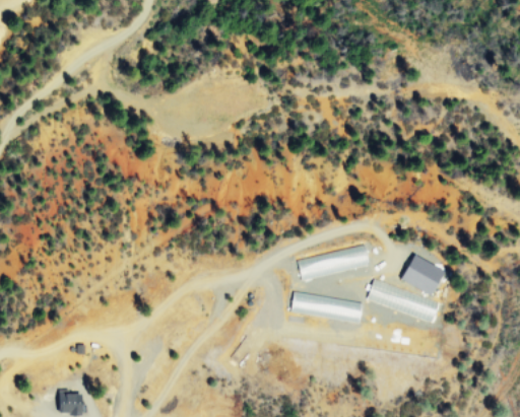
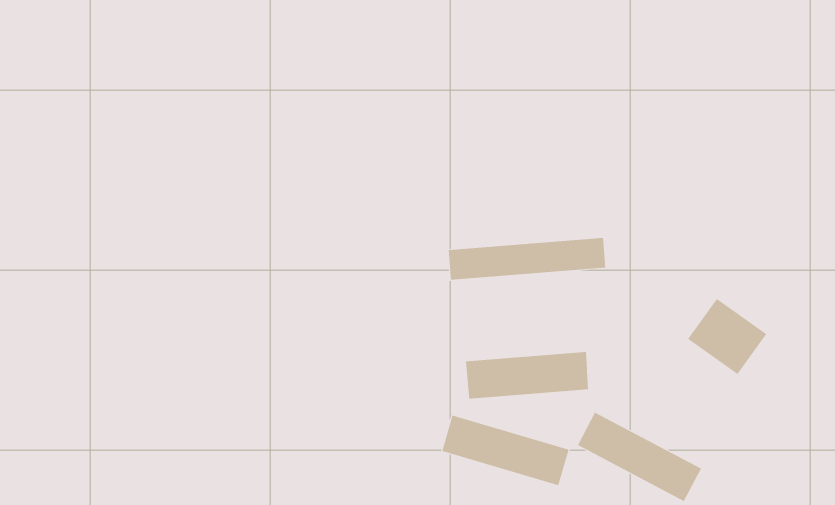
building: none -> [448,237,606,280]
building: [401,254,446,295] -> [687,298,767,375]

